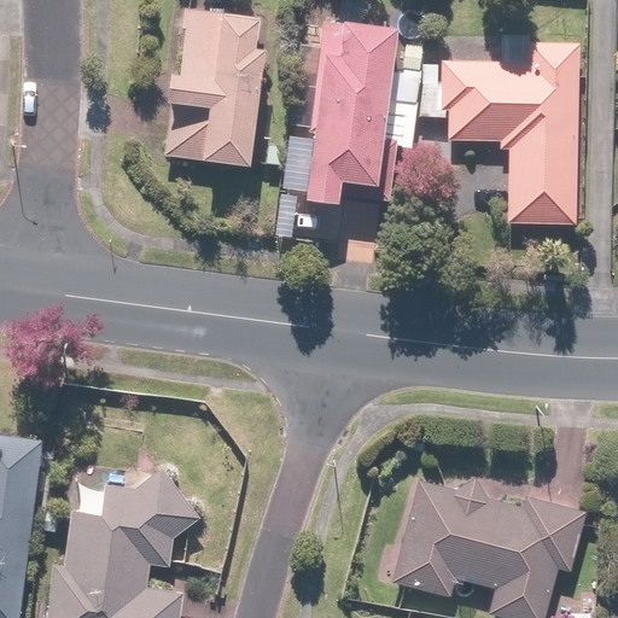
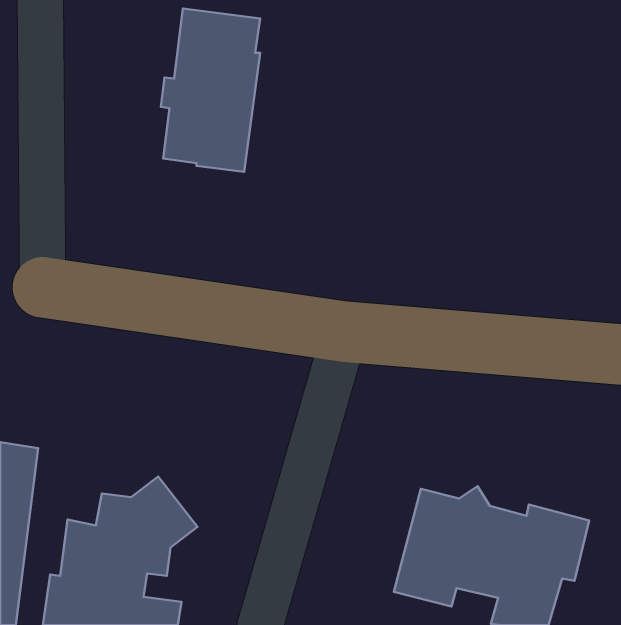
building: [297,22,384,194] -> none
building: [442,43,581,225] -> none

